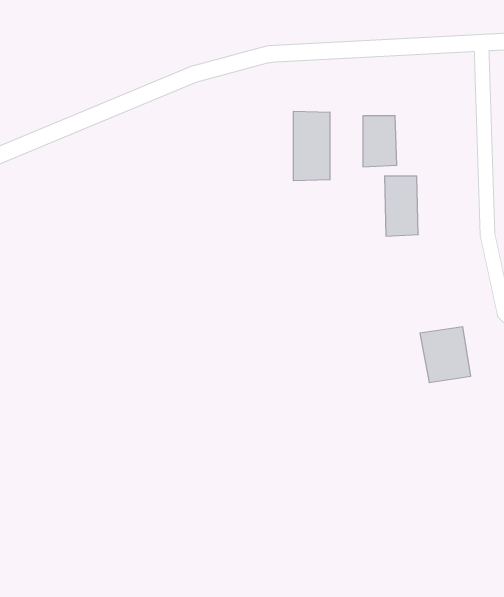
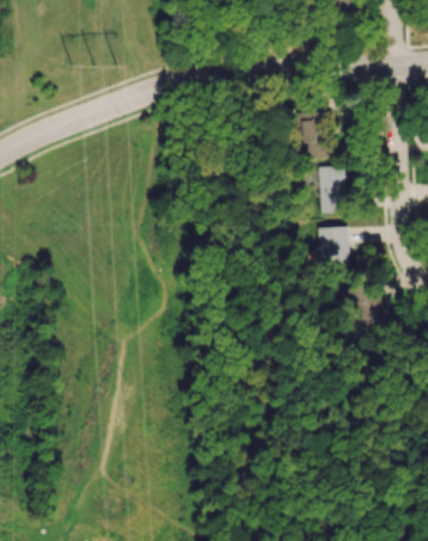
building: [294,111,330,181] -> none
building: none -> [313,228,348,268]

